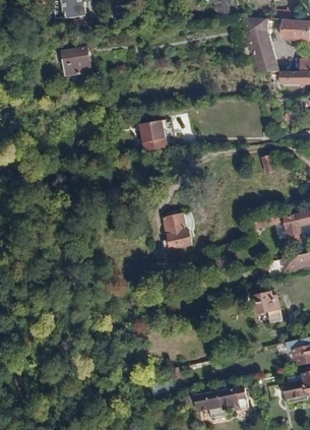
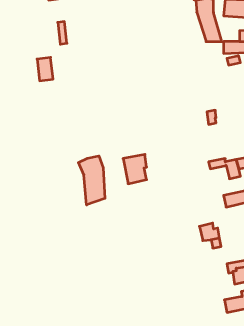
building: [62,48,81,76] -> [37,57,53,81]
building: [140,120,167,150] -> none
building: none -> [78,156,105,205]
building: [206,388,239,412] -> none

